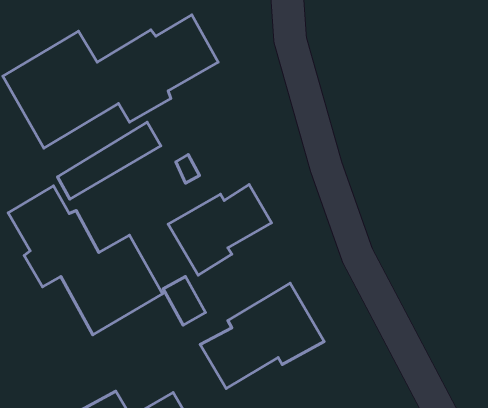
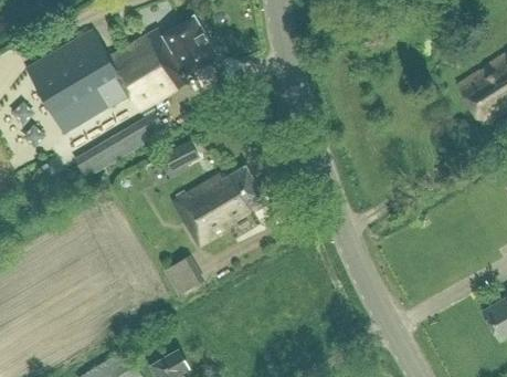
building: [8,186,162,335] -> none
building: [200,283,324,389] -> none

